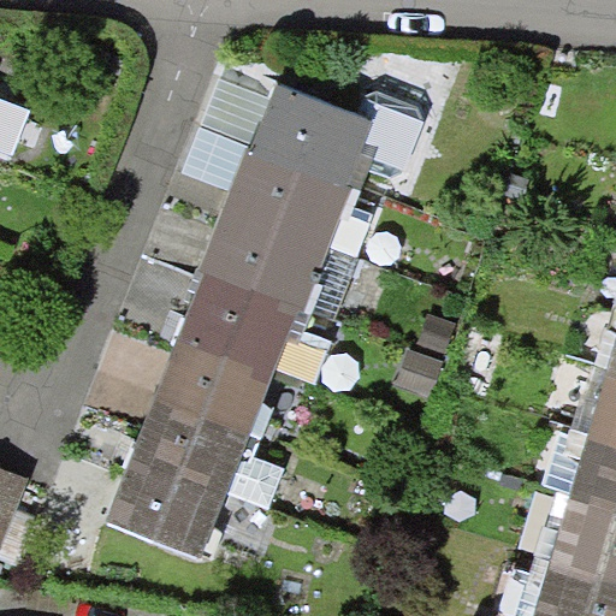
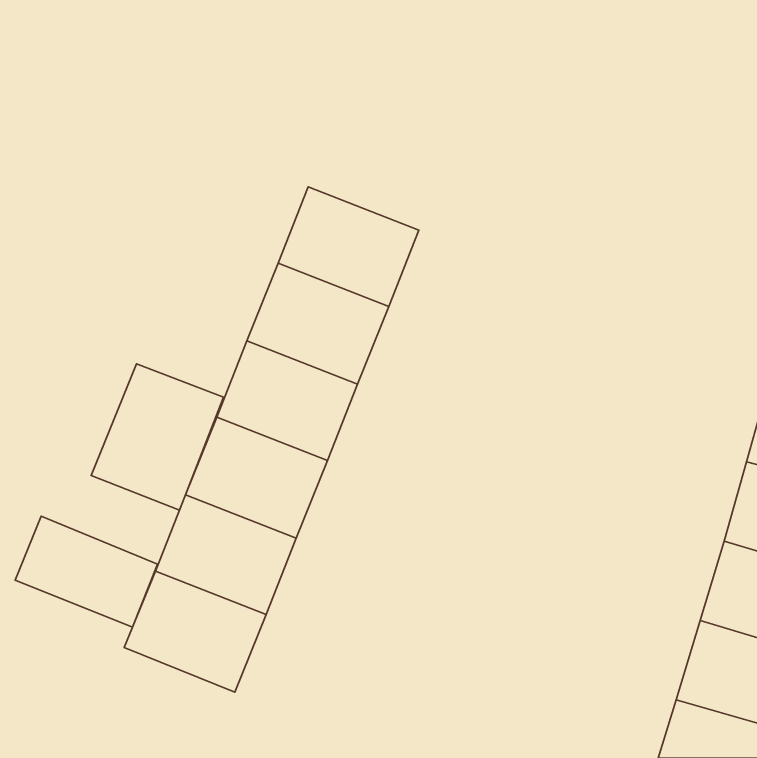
building: [254,88,421,185] -> none
building: none -> [91,364,224,510]
building: none -> [15,516,157,627]

